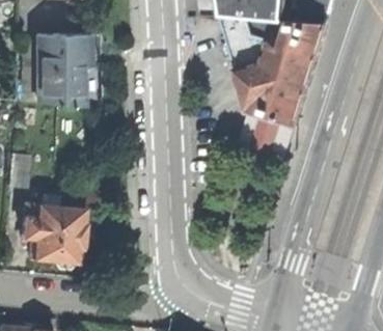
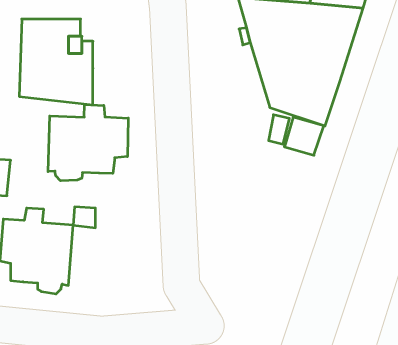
building: none -> [48,105,128,181]

